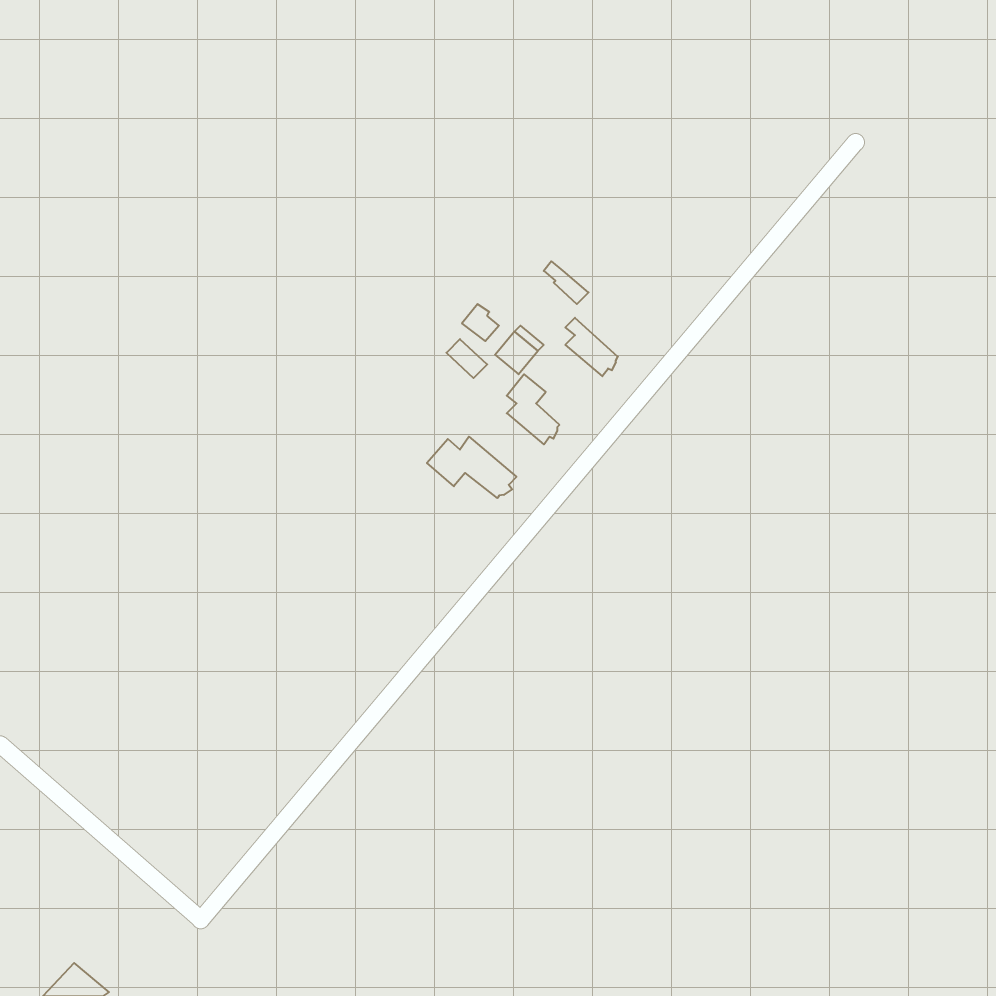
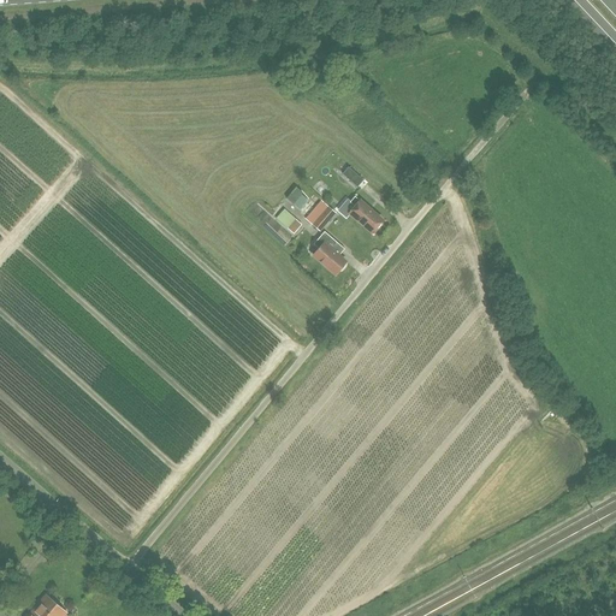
building: [427,437,516,498] -> none

